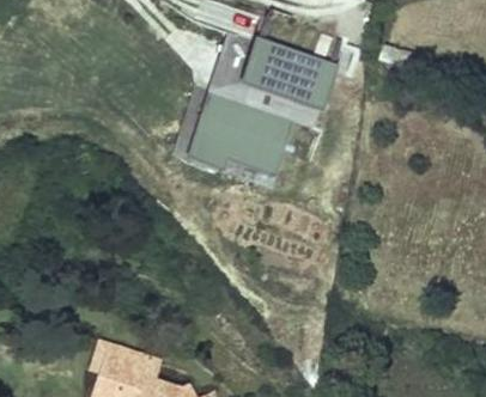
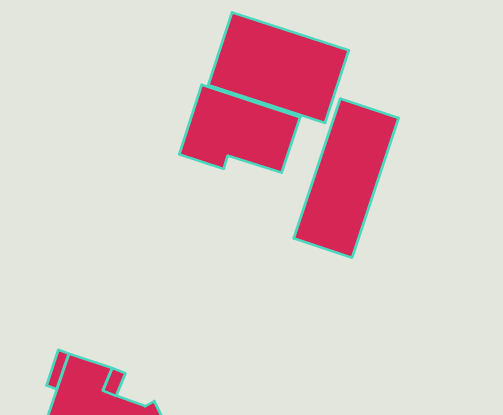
building: none -> [294,99,398,258]

